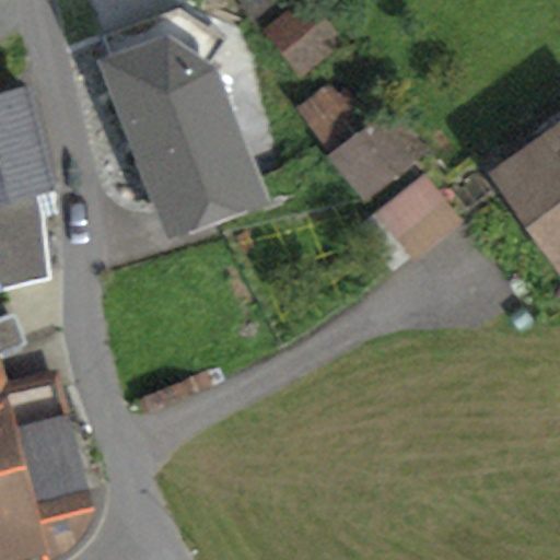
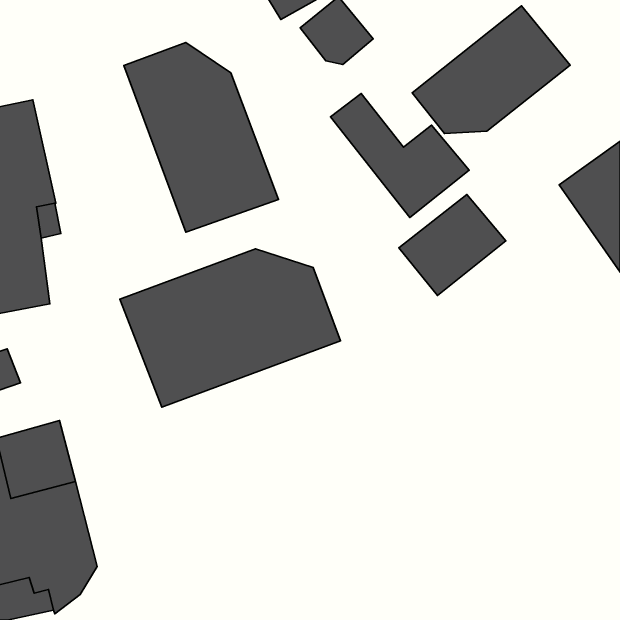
building: none -> [412,6,570,133]
building: none -> [120,249,340,407]

